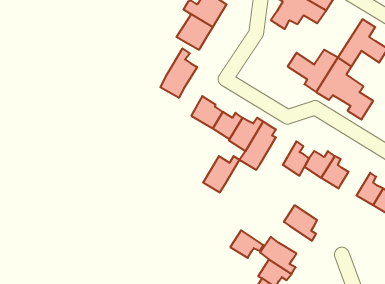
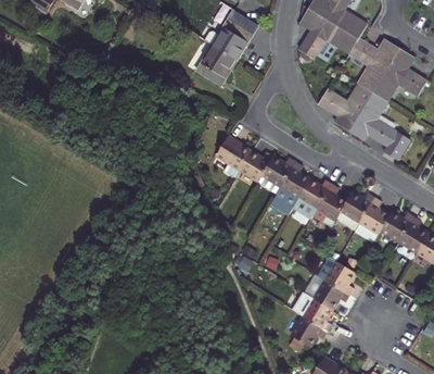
building: none -> [353,39,403,91]
building: [160,48,197,98] -> none
building: [203,156,239,192] -> [290,179,330,220]
building: none -> [379,213,411,244]
building: [230,230,264,258] -> [310,277,347,308]

